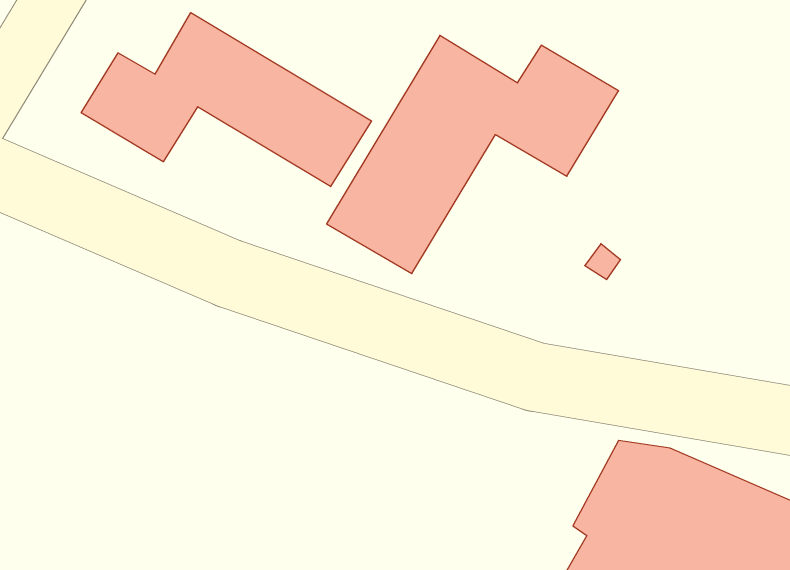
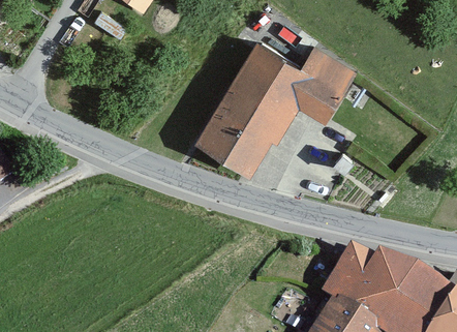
building: [81,13,372,187] -> none

